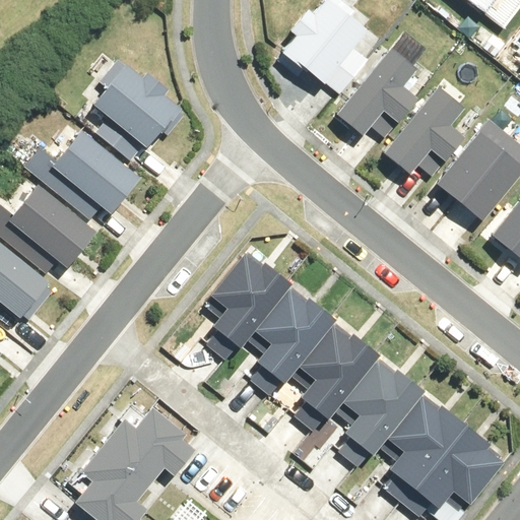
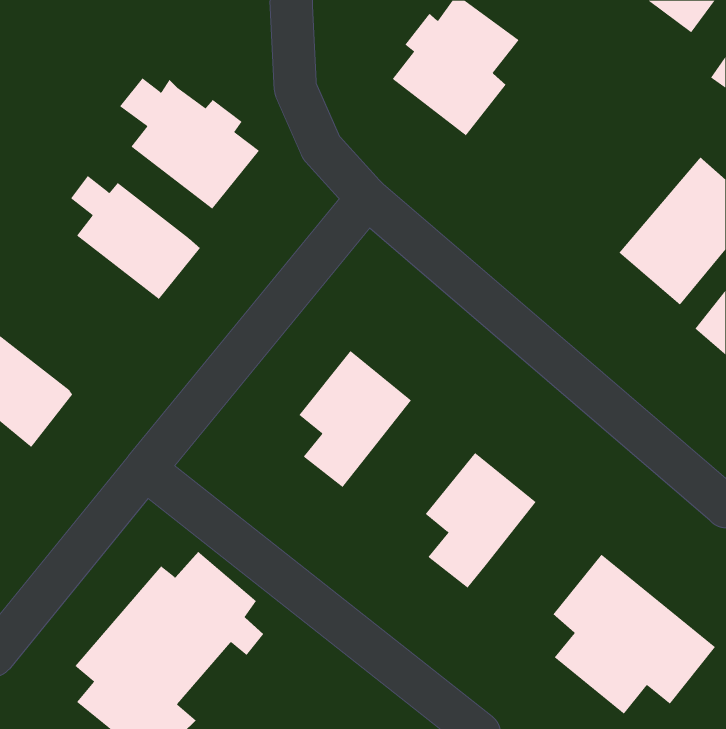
building: [336,47,420,138] -> none
building: [381,86,466,177] -> none
building: [4,181,99,269] -> none
building: [257,286,336,384] -> none
building: [344,359,426,456] -> none

